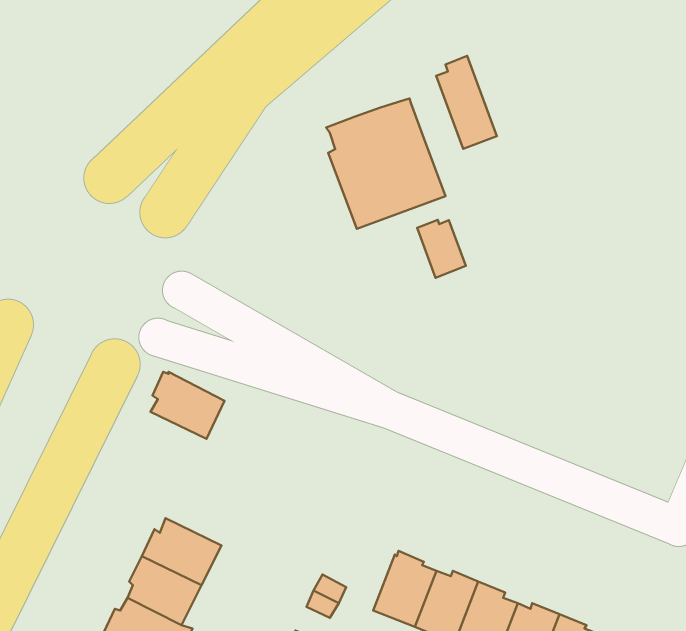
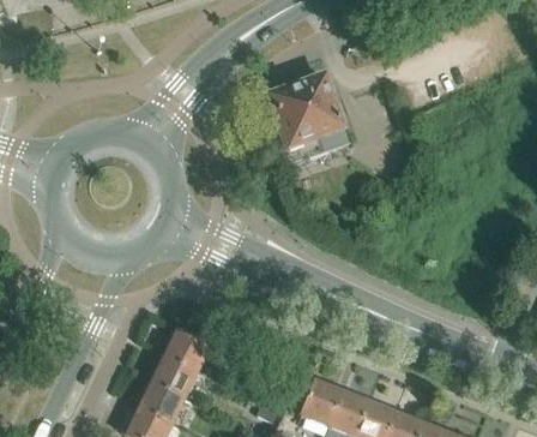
building: [436,56,497,149] -> none
building: [417,220,466,278] -> none
building: [151,372,225,439] -> [163,328,212,372]

